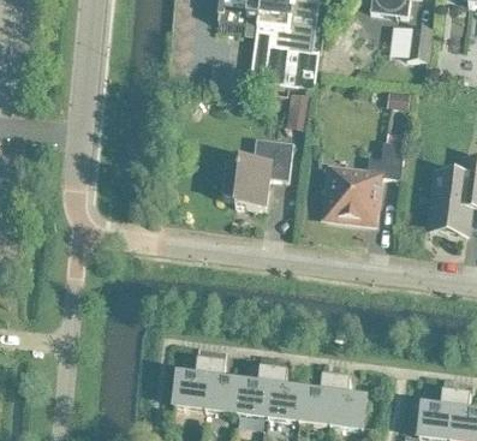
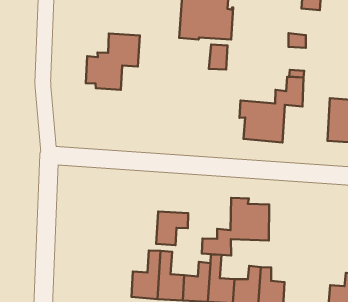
building: [221,137,292,208] -> [86,34,140,90]
building: none -> [202,198,269,255]
building: none -> [156,211,188,245]

